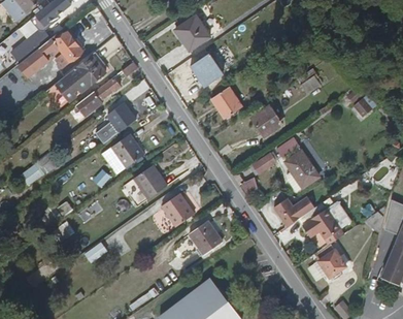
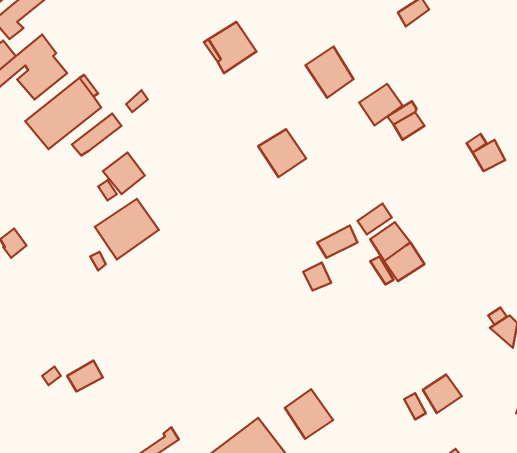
building: [190,54,222,88] -> [305,47,354,98]
building: [250,106,279,134] -> [359,84,403,126]
building: [134,165,167,199] -> none
building: [161,192,194,226] -> none
building: [272,195,314,225] -> none
building: [302,201,350,245] -> none
building: [190,221,222,254] -> [285,389,333,439]

